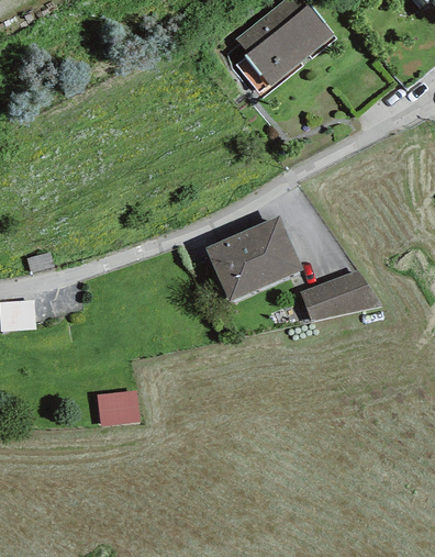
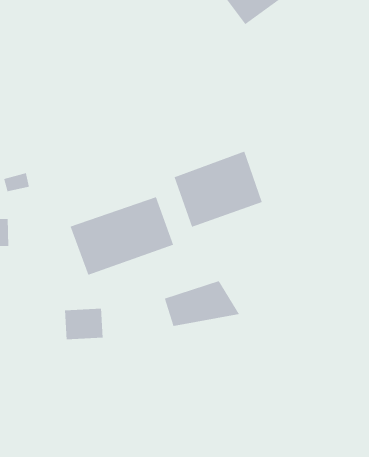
building: none -> [70,196,174,276]
building: [301,270,382,322] -> [164,280,240,327]

